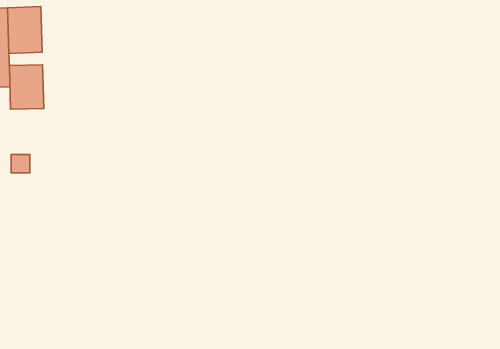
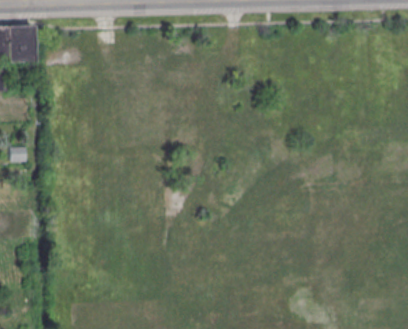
building: [9,65,44,109] -> none

